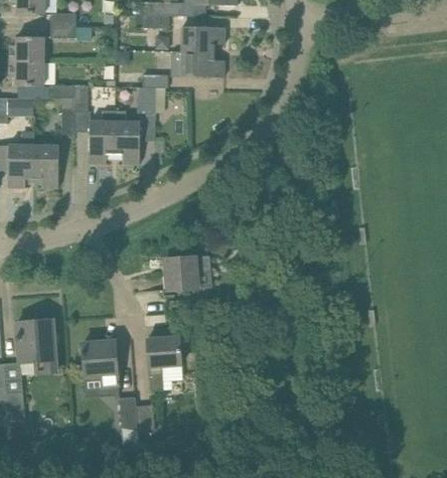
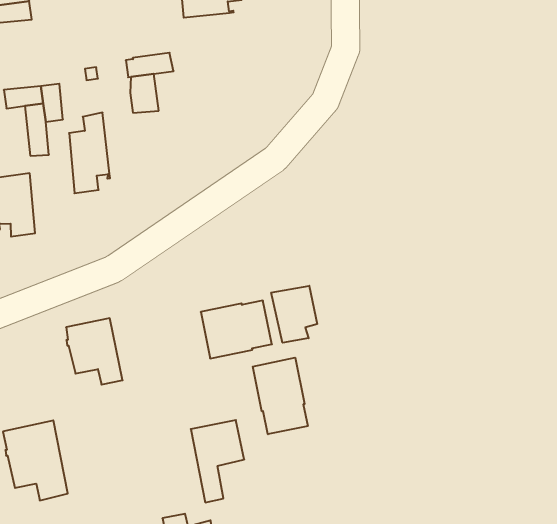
building: [170,51,224,77] -> none
building: [115,110,140,164] -> none
building: none -> [271,286,317,343]
building: none -> [253,358,308,434]
building: [82,340,117,385] -> [66,318,123,385]

